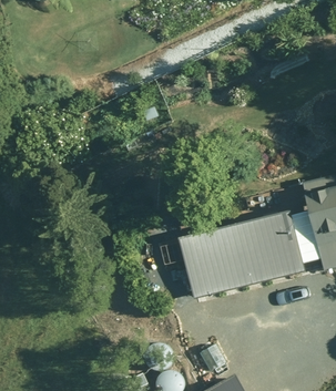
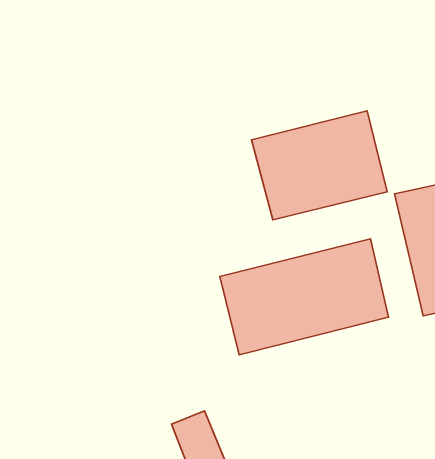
building: none -> [252,111,387,220]

